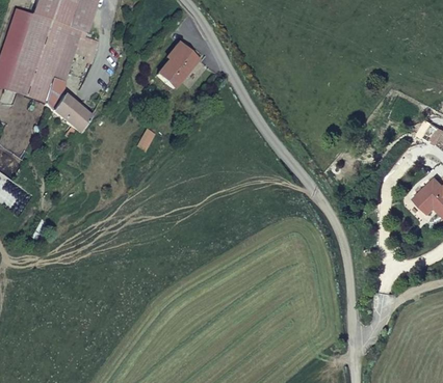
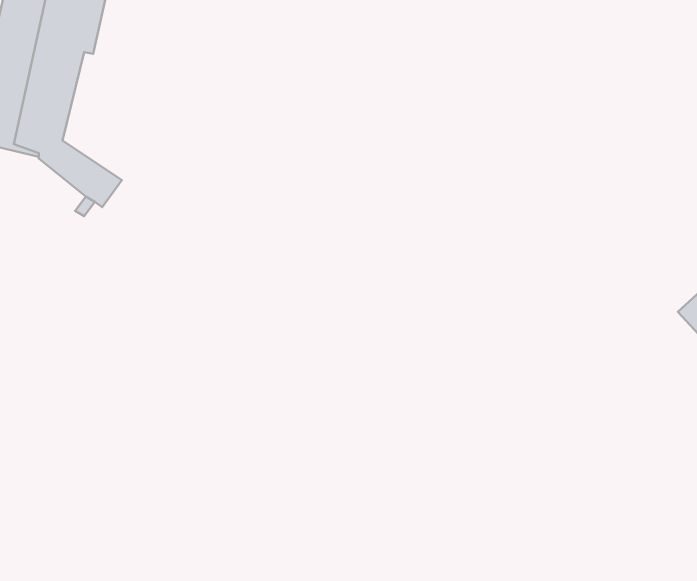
building: [160,42,201,85] -> none

